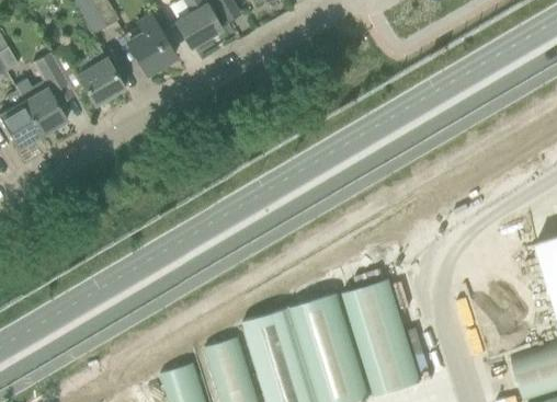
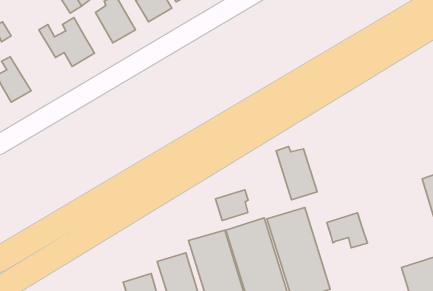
building: [15,51,76,134] -> none
building: none -> [276,146,317,200]
building: none -> [215,190,248,221]
building: none -> [327,213,367,248]

